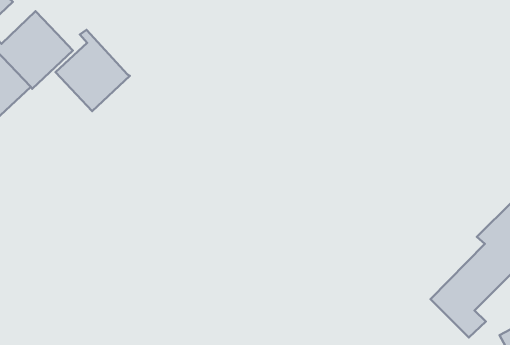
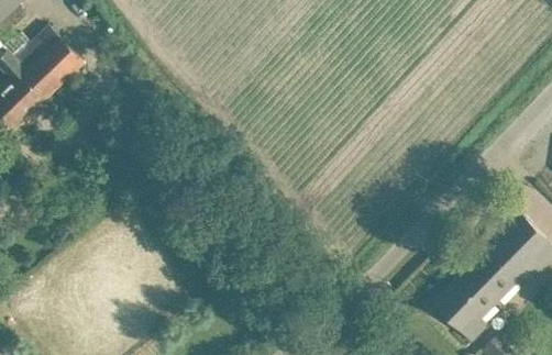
building: [55,30,130,111] -> none

